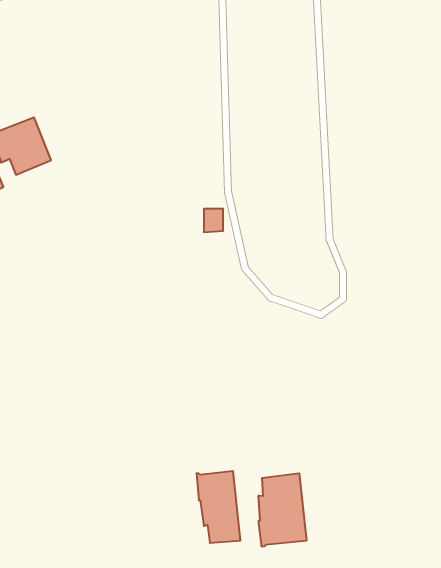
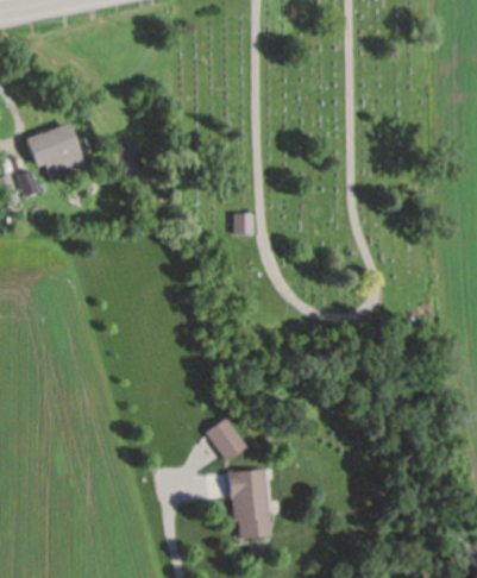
building: none -> [206,417,246,460]
building: [259,473,306,547] -> none

